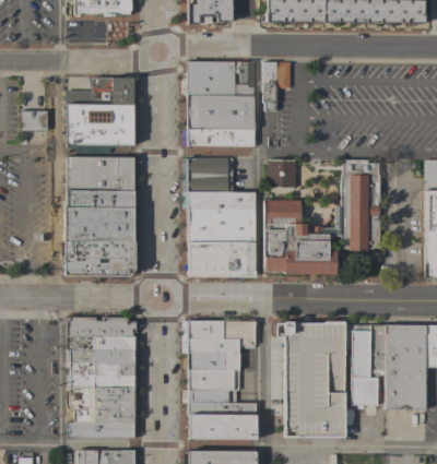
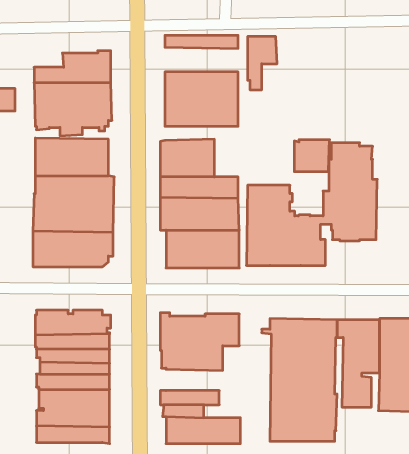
building: [181,72,255,95] -> none
building: [263,159,296,189] -> [294,140,330,172]
building: [187,370,240,390] -> none

